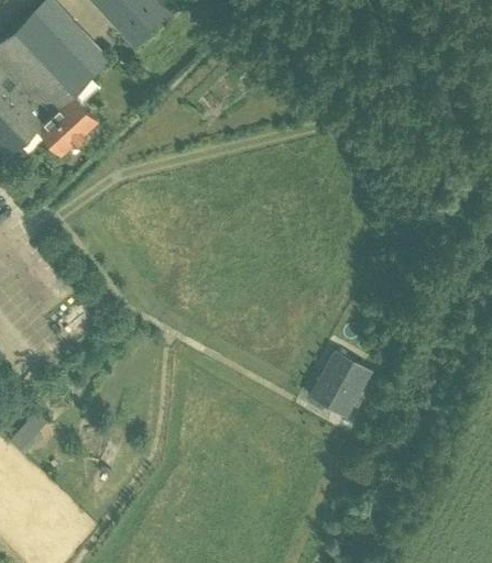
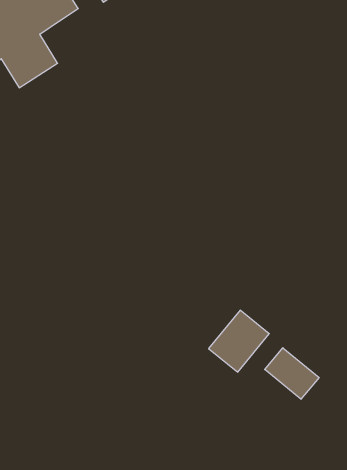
building: none -> [265,348,319,399]

